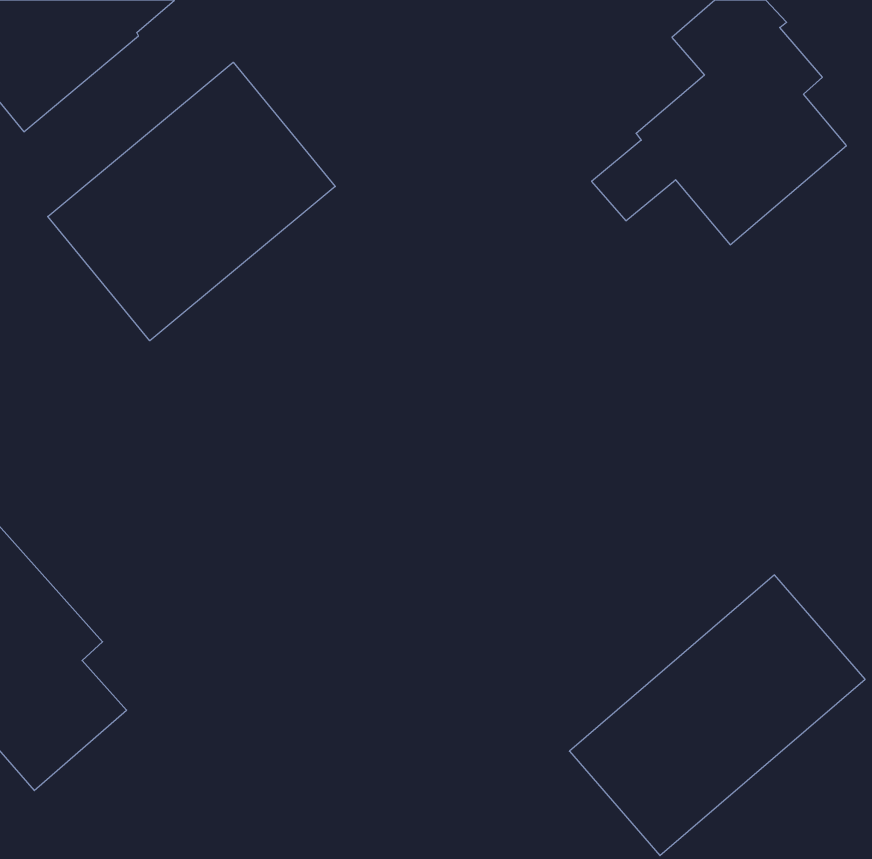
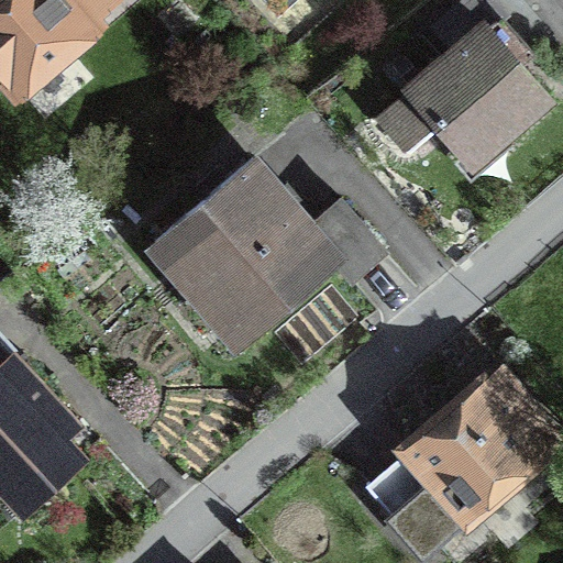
building: [48,62,335,341] -> none
building: none -> [155,165,382,340]

